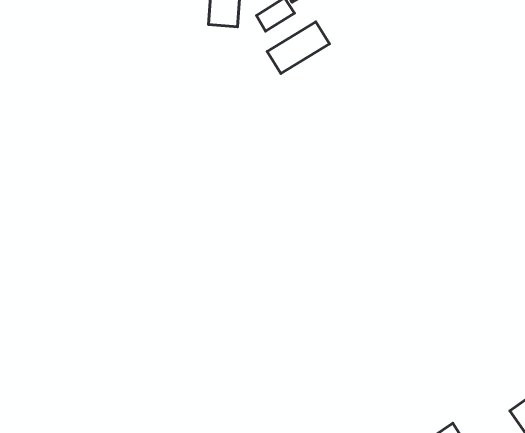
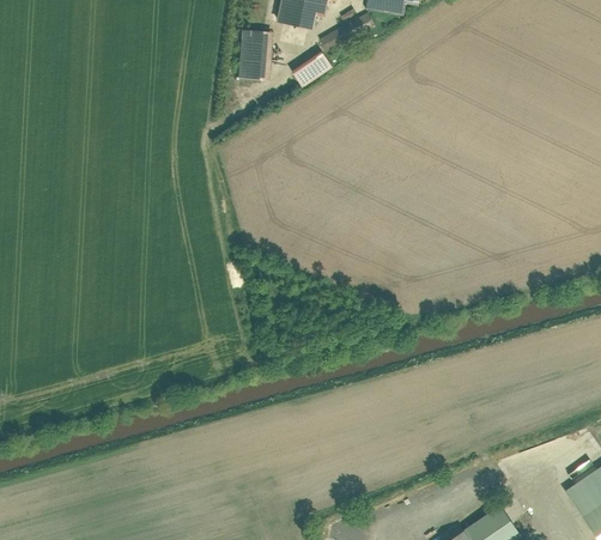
building: [267,22,329,74] -> none

